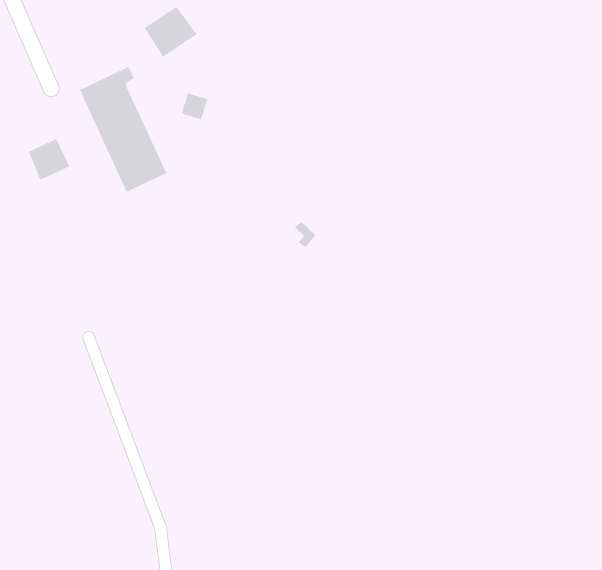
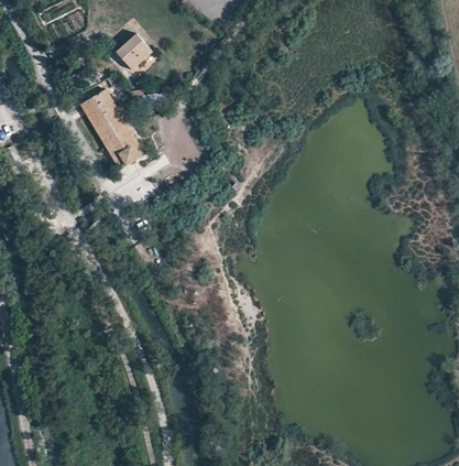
building: [28,138,70,180] -> none

